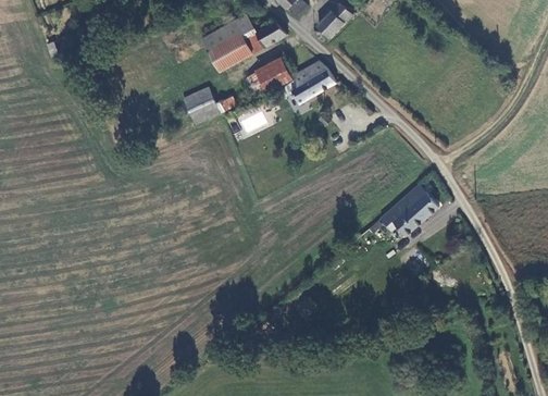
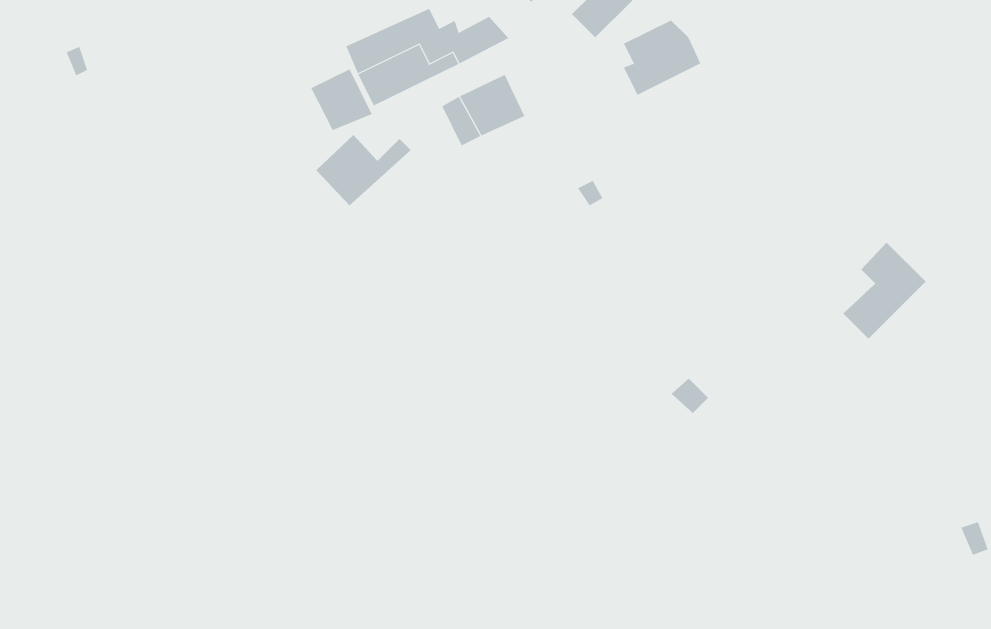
building: none -> [311,68,372,131]
building: [291,61,334,102] -> [623,20,701,96]
building: [395,183,440,236] -> [843,242,927,340]

